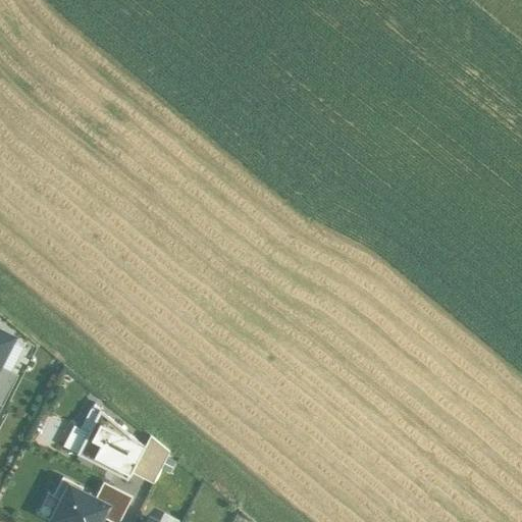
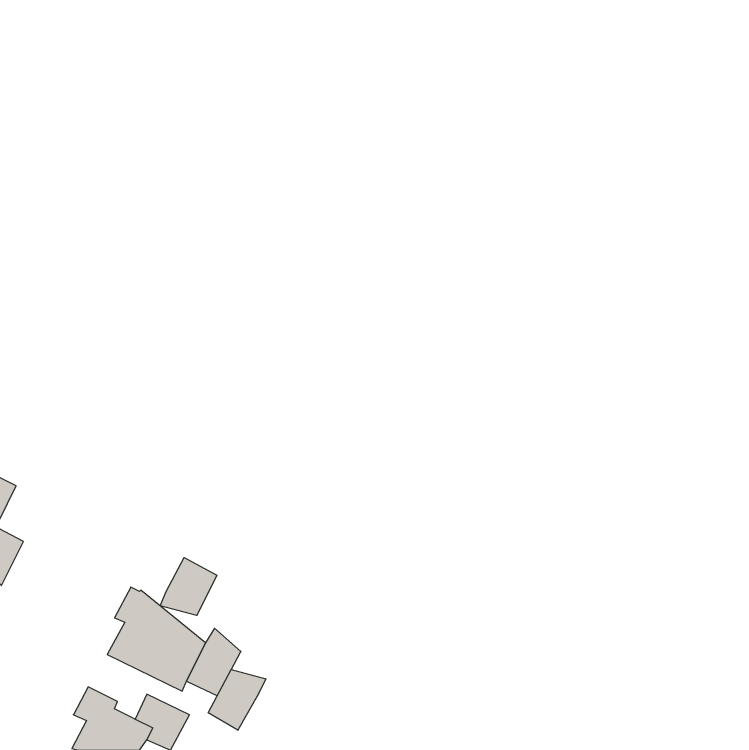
building: none -> [160,558,217,615]
building: none -> [208,670,266,730]

